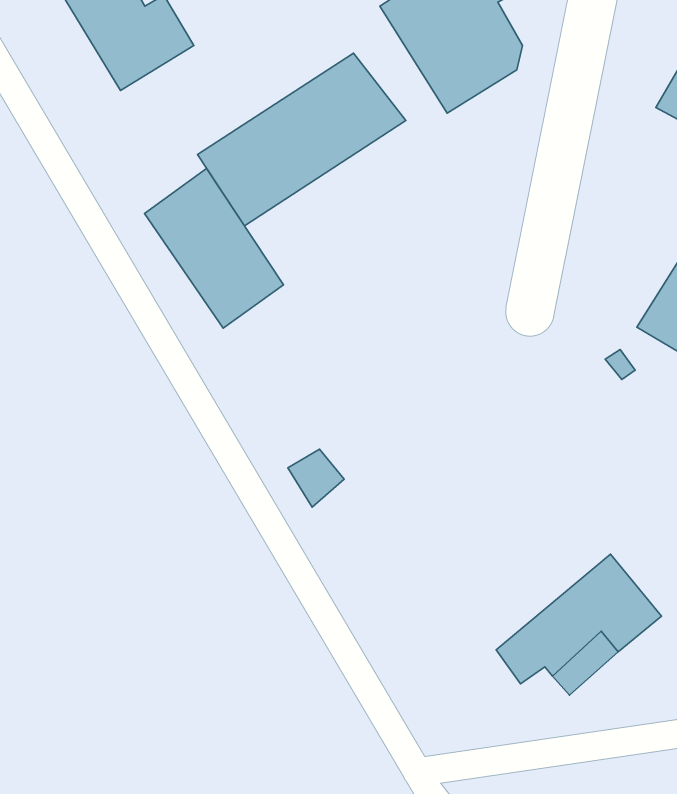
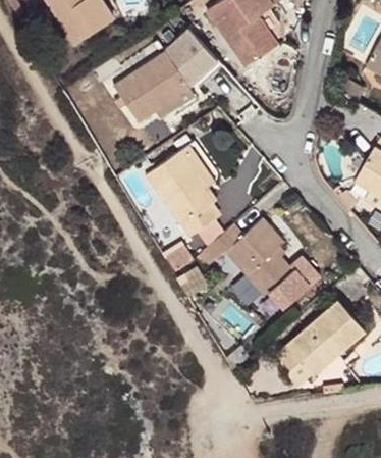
building: [144,169,283,328] -> [150,150,225,237]
building: none -> [204,216,323,313]

